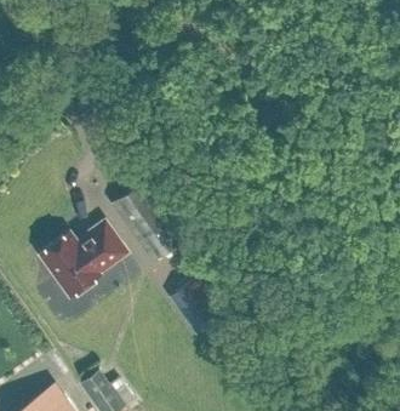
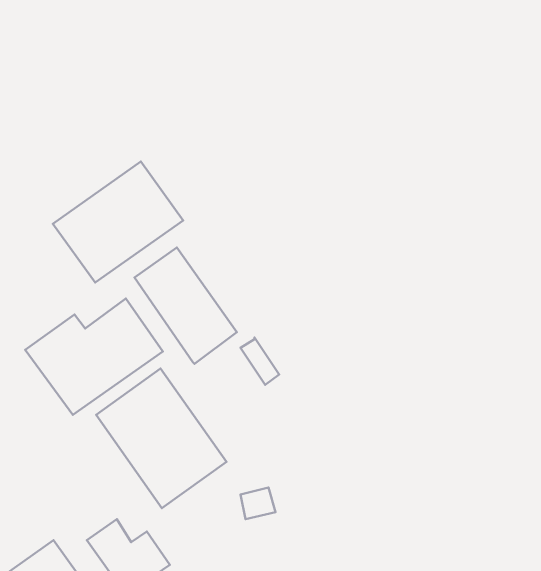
building: none -> [53,162,183,283]
building: none -> [96,369,226,508]

